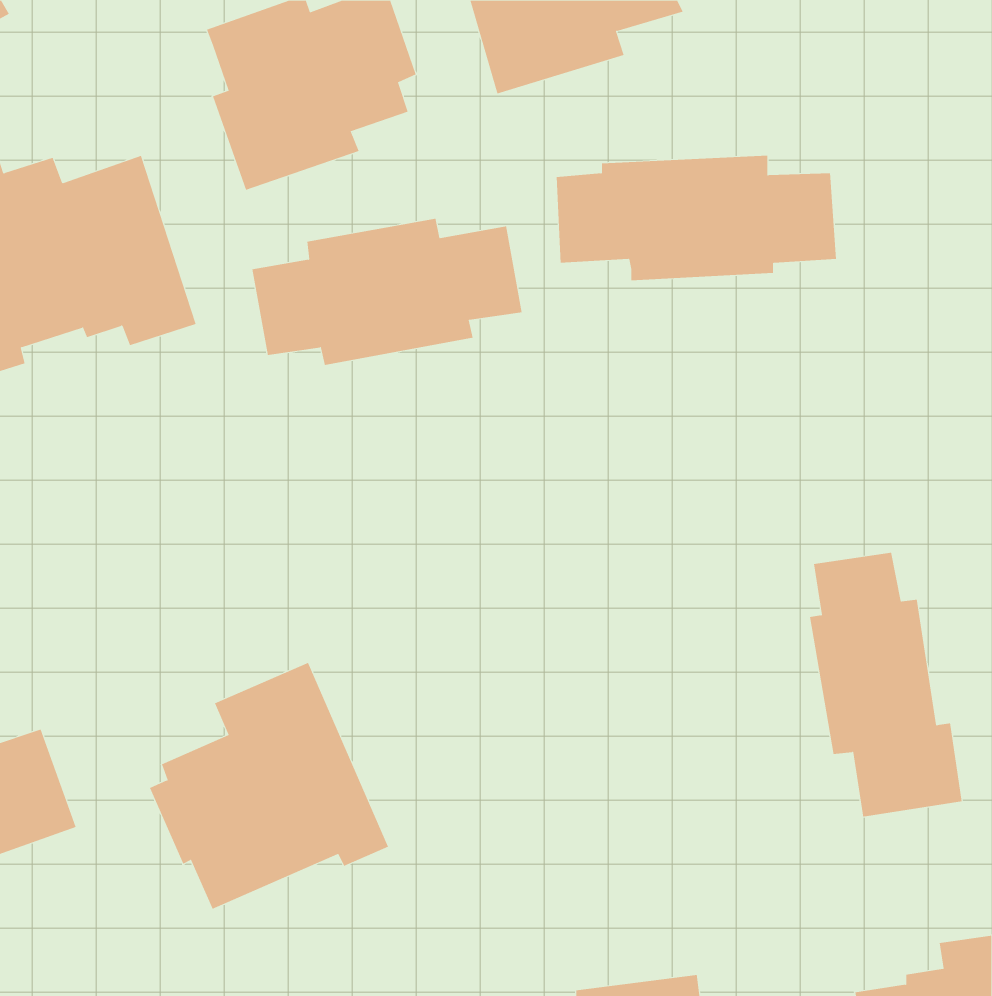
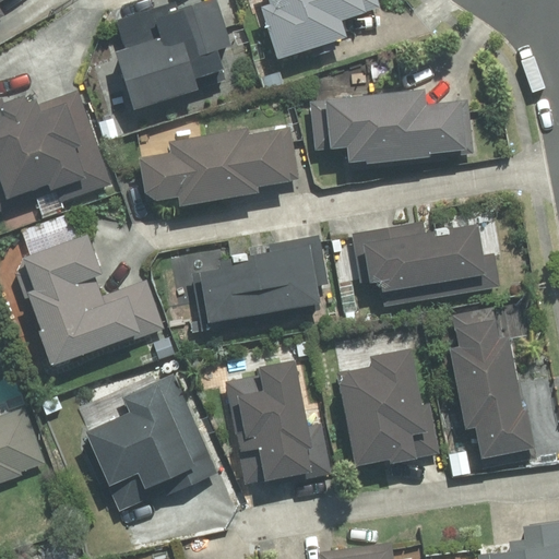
building: none -> [350,223,486,304]
building: none -> [10,234,158,361]
building: none -> [189,243,321,323]
building: none -> [340,348,425,467]
building: none -> [225,359,313,486]

